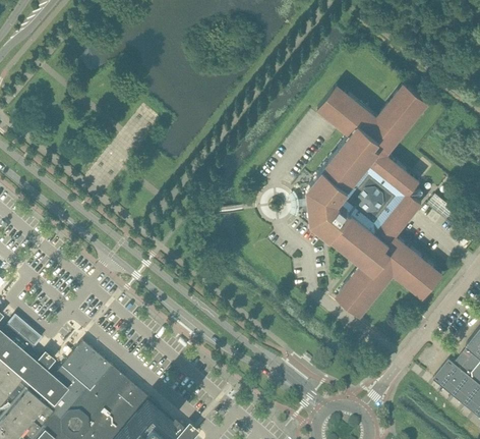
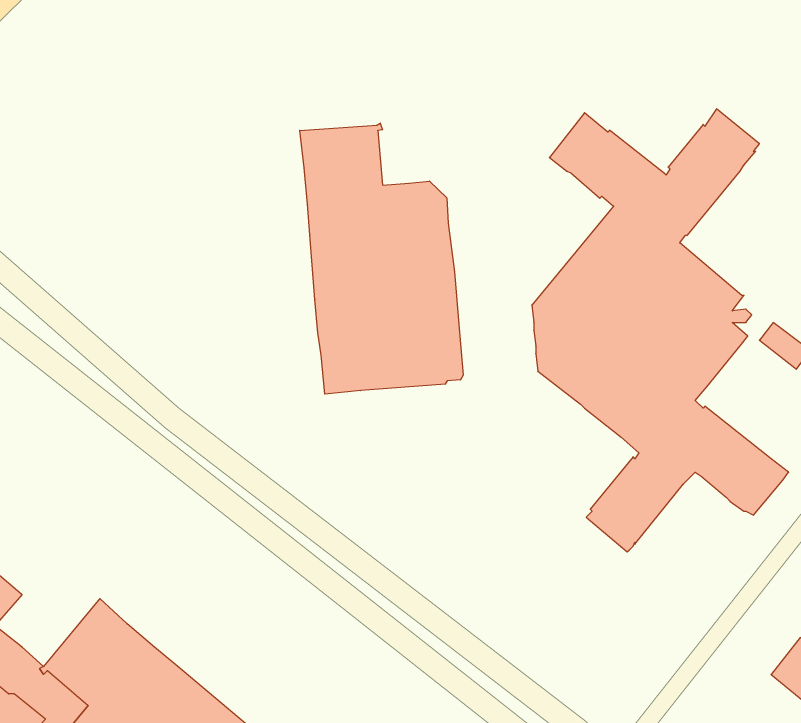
building: none -> [300,123,463,394]

